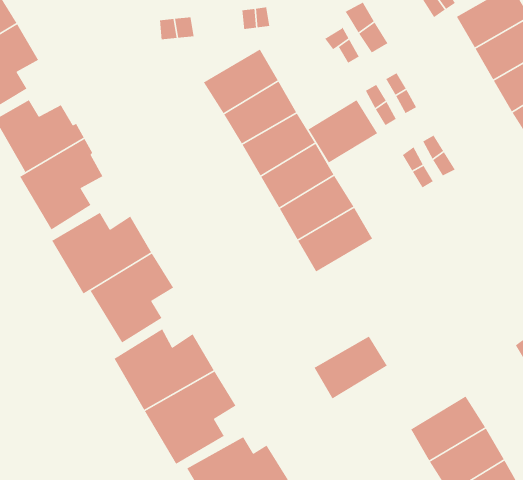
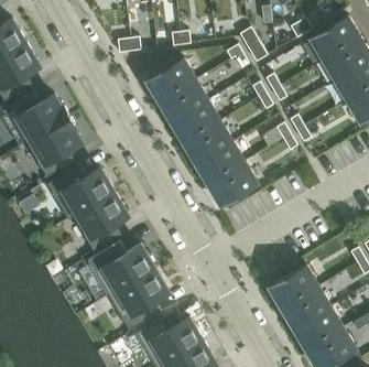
building: [307,99,378,164] -> none
building: [314,336,388,400] -> [270,265,318,306]

